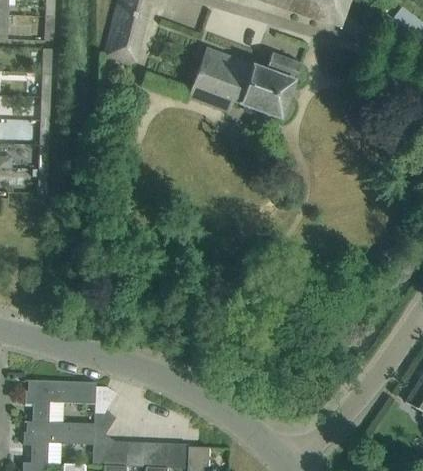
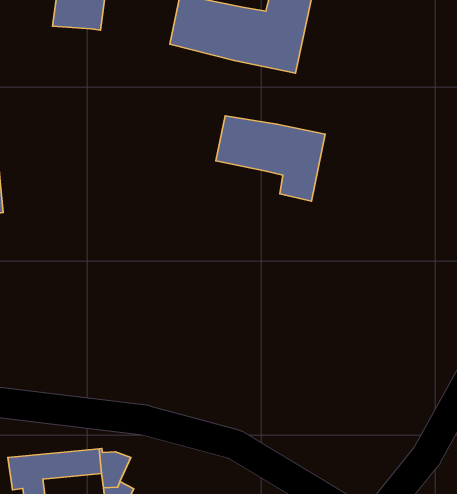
building: none -> [216,116,325,201]

